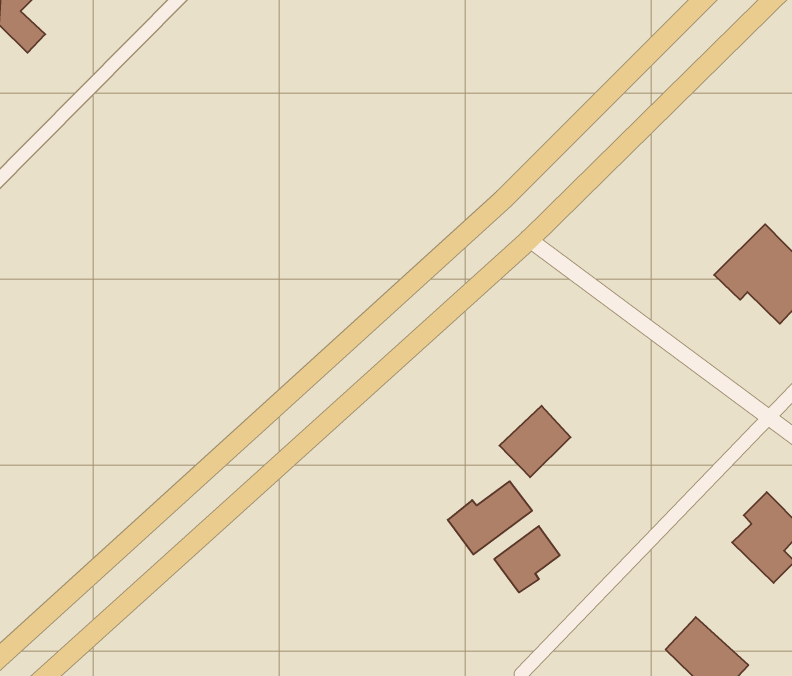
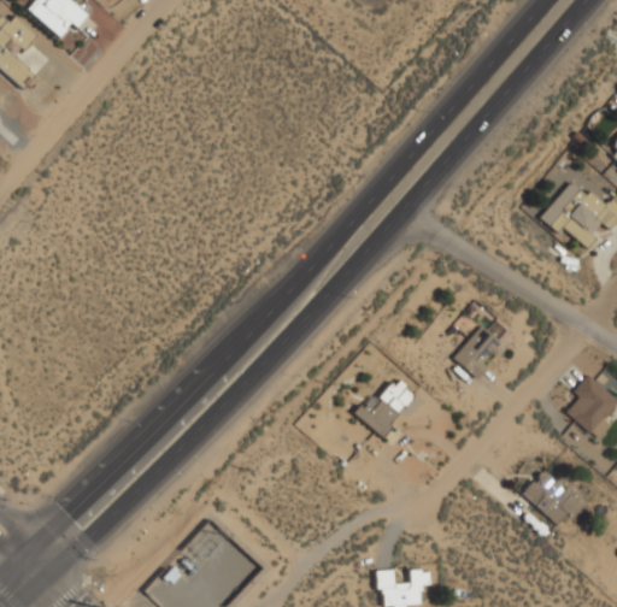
building: [499,406,571,477] -> [453,325,505,378]
building: [494,526,560,592] -> none

